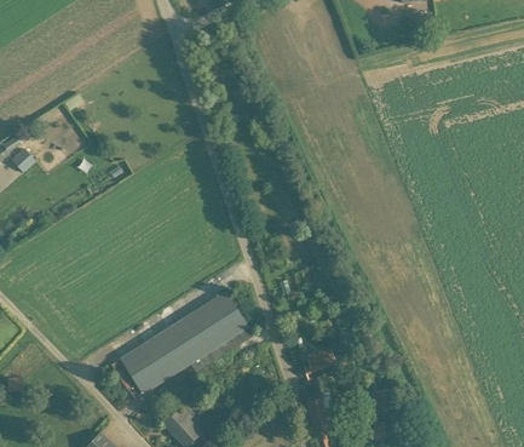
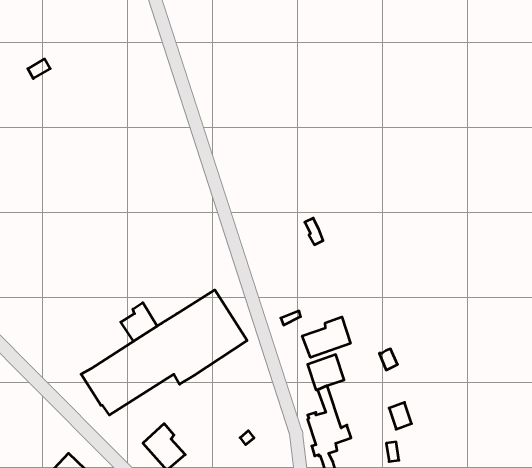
building: none -> [121,303,157,341]
building: none -> [302,317,350,357]

